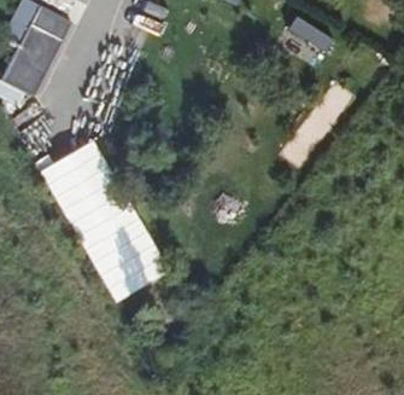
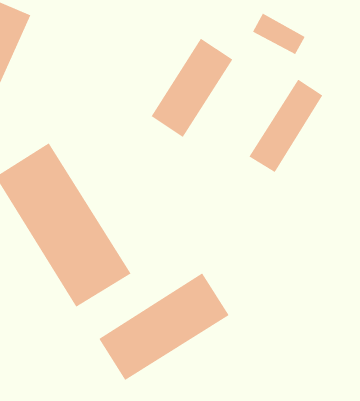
building: none -> [151,38,233,138]
building: none -> [99,273,230,381]

